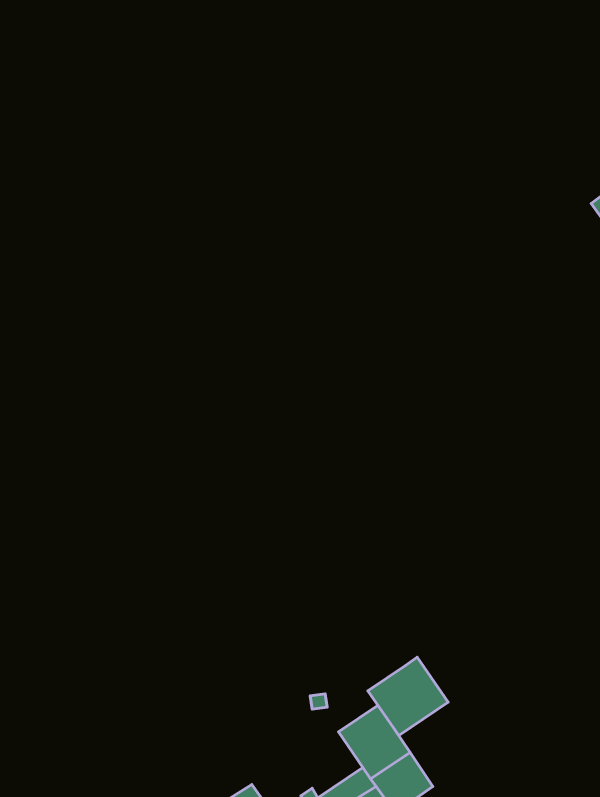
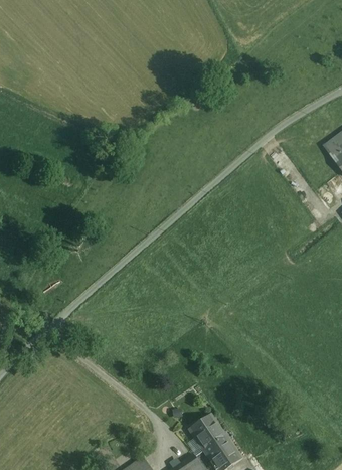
building: [368,657,448,735] -> none

